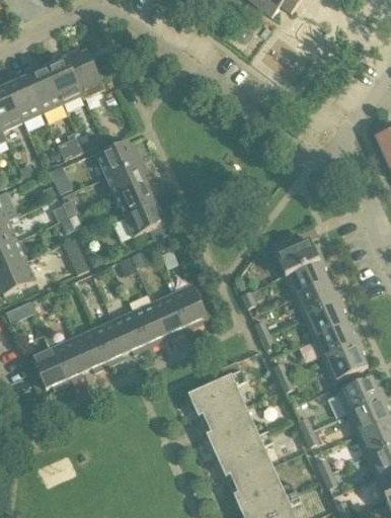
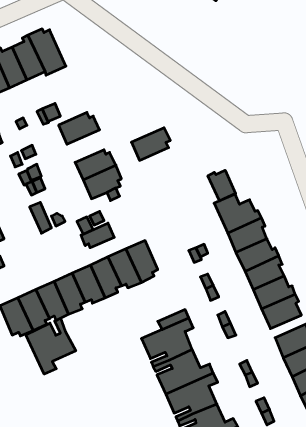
building: [105,160,149,196] -> [131,128,170,160]
building: none -> [208,170,236,201]
building: none -> [81,223,114,248]
building: none -> [26,318,76,374]

